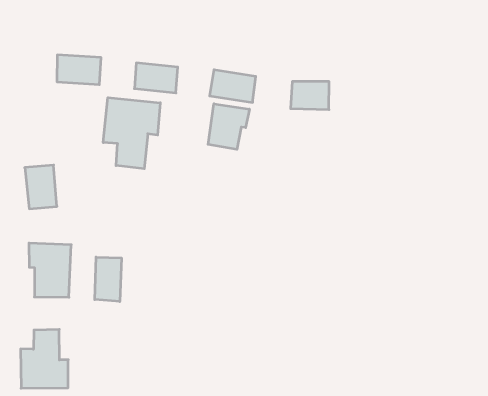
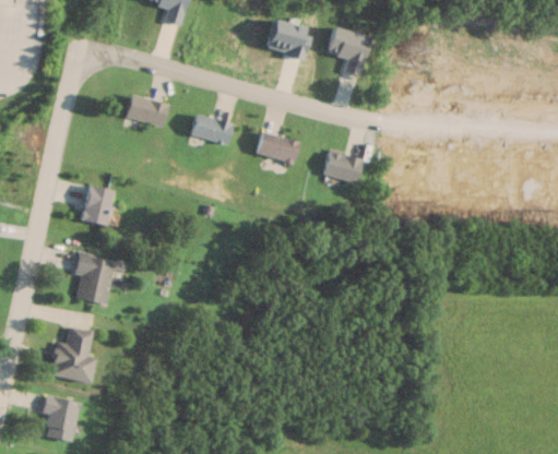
building: [103,98,160,169] -> none
building: [208,104,249,149] -> none
building: [95,257,121,302] -> none

